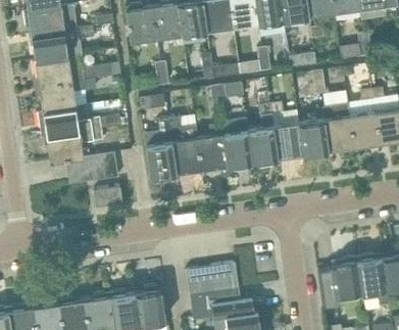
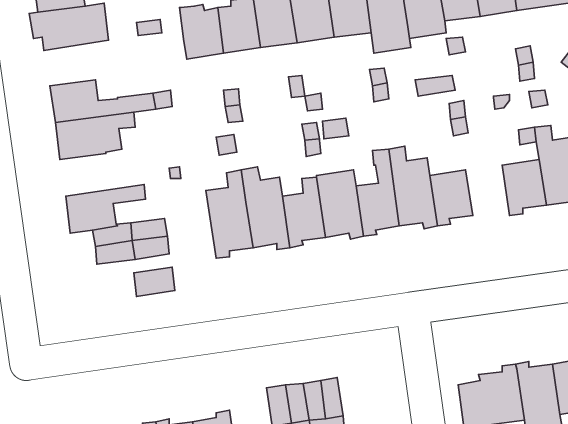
building: [32,28,94,61] -> none
building: [322,104,354,152] -> none
building: [38,108,101,138] -> none

